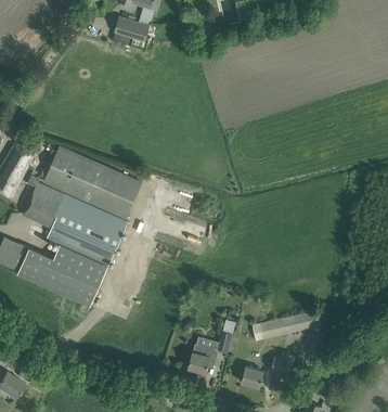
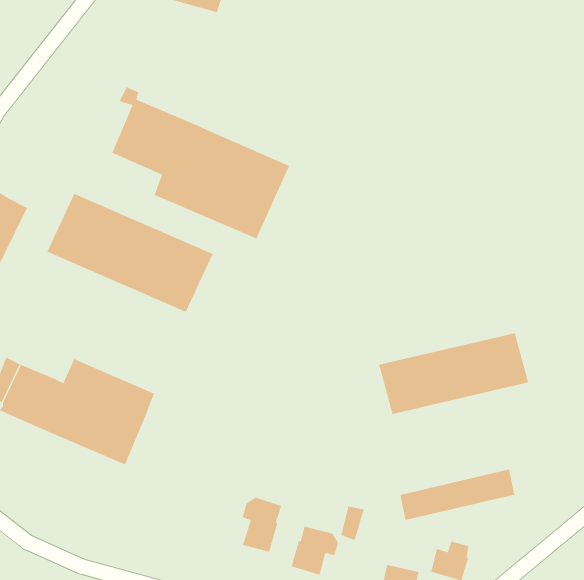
building: [22,176,127,266] -> [111,87,290,239]
building: none -> [379,332,529,415]
building: none -> [242,497,282,552]

